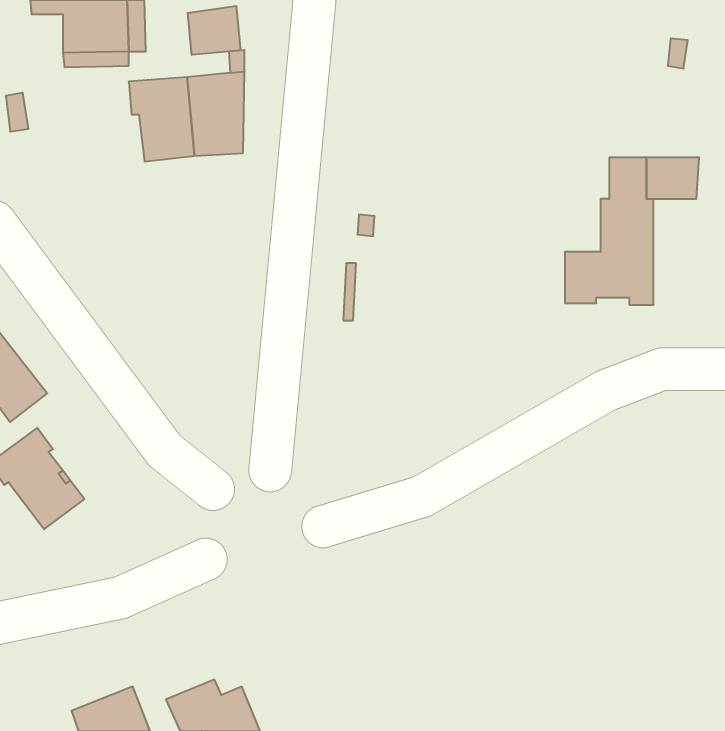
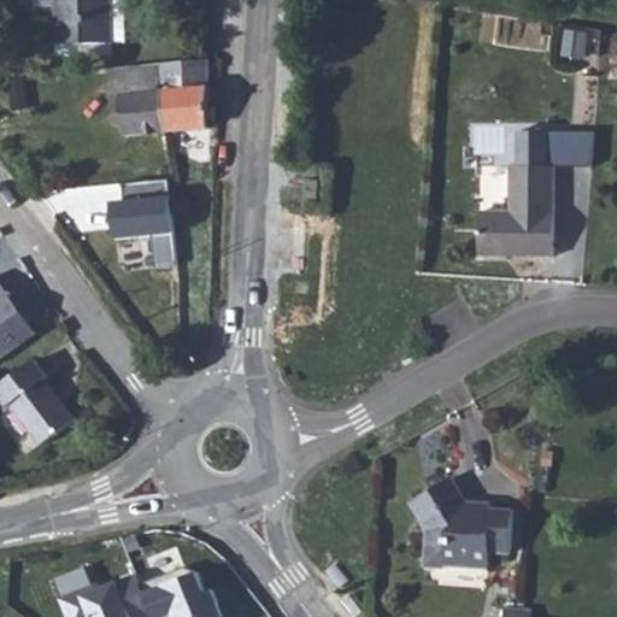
building: [188,6,240,55] -> none
building: none -> [111,180,176,263]
building: none -> [407,477,510,569]

